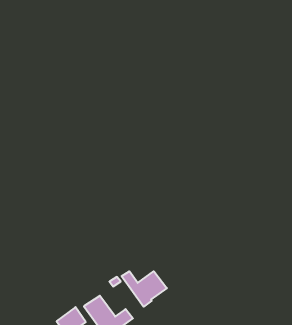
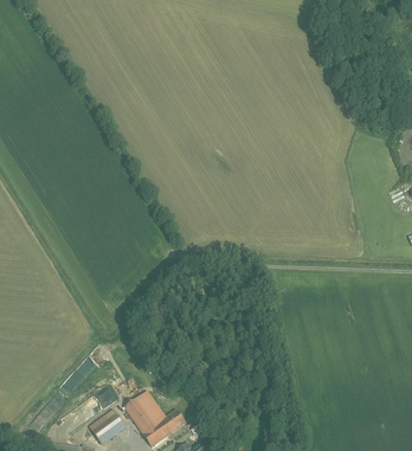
building: [122,271,167,307] -> none

